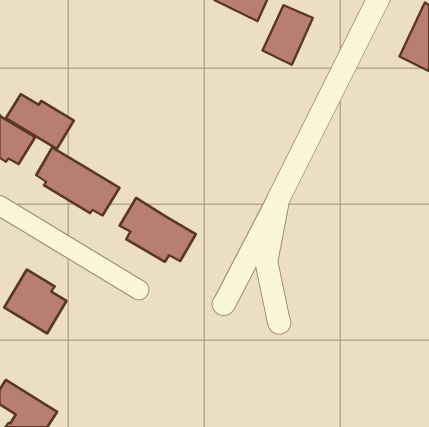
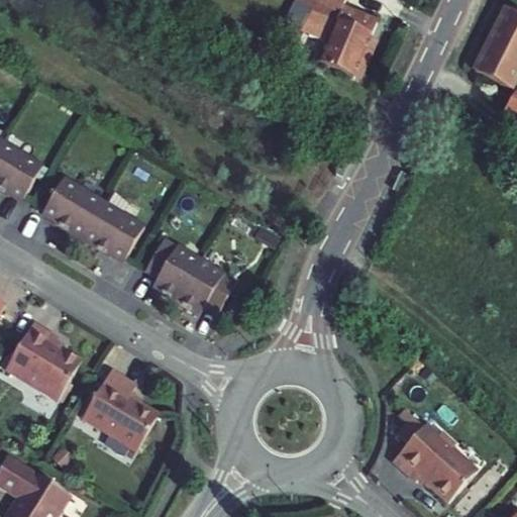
building: [6,94,74,149] -> none
building: none -> [82,370,158,449]
building: none -> [393,408,477,501]

